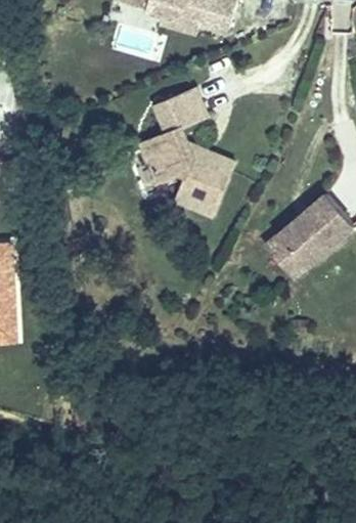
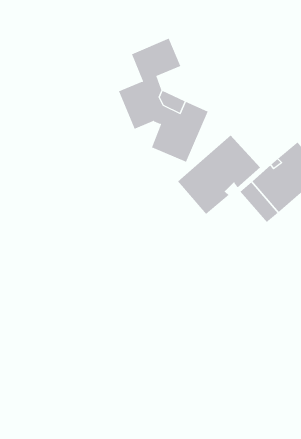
building: none -> [177,135,261,215]

